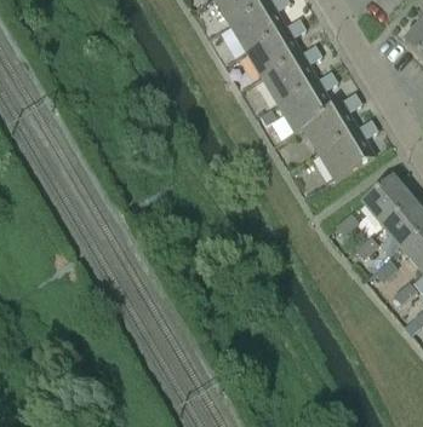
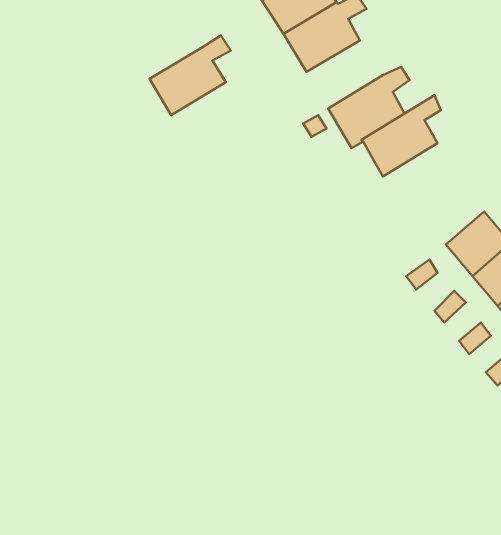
building: [261,44,320,102] -> [149,36,231,115]
building: [316,119,376,179] -> none

